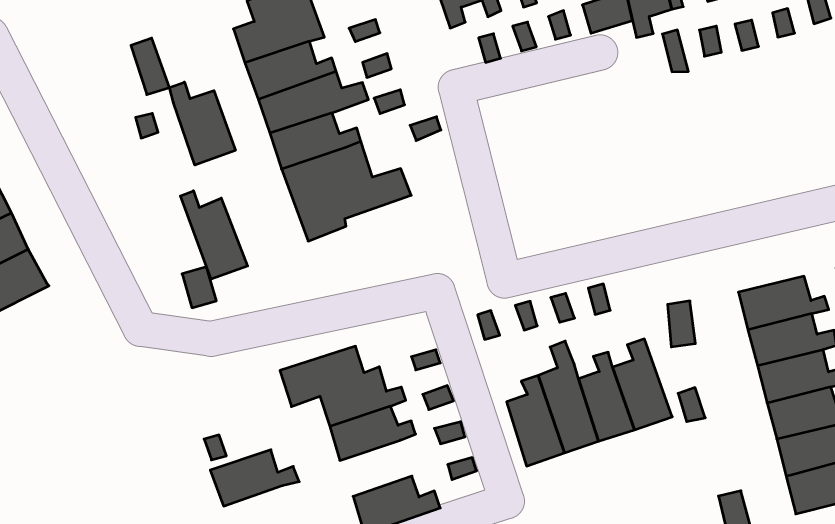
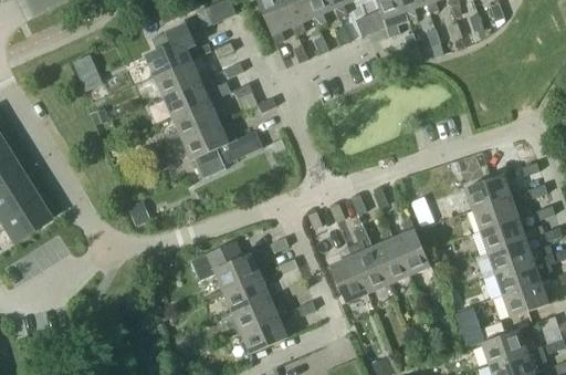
building: [169,82,235,165] -> none
building: [180,191,248,279] -> none
building: [210,450,299,506] -> [231,294,285,331]

